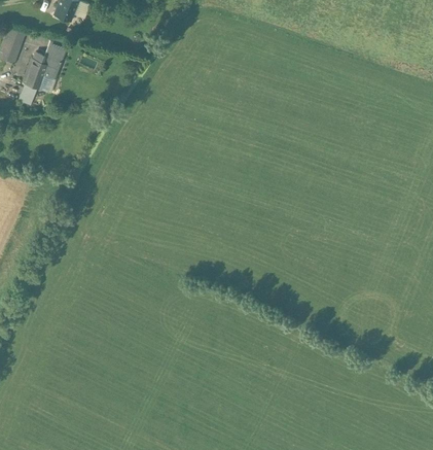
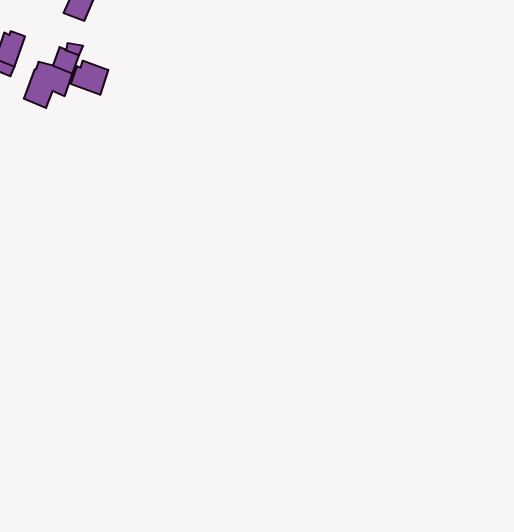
building: none -> [71,61,108,95]

